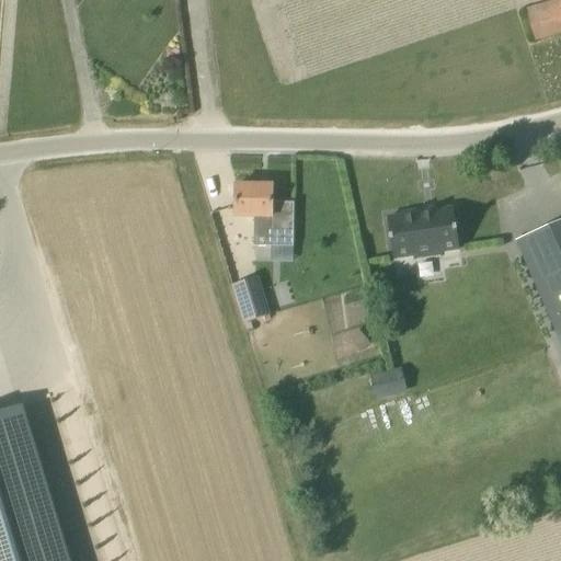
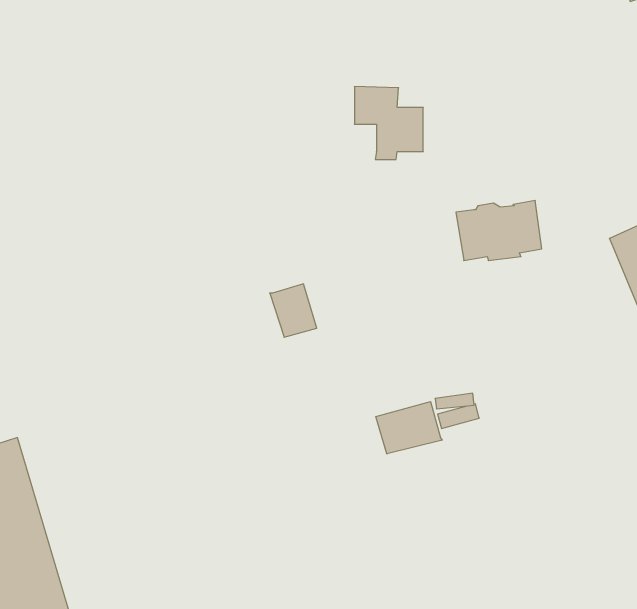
building: [237,183,295,244] -> [354,87,423,159]
building: none -> [376,402,442,454]

